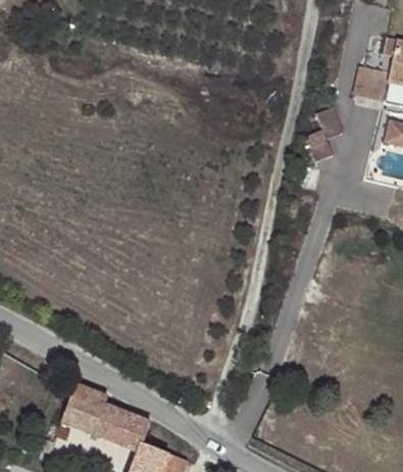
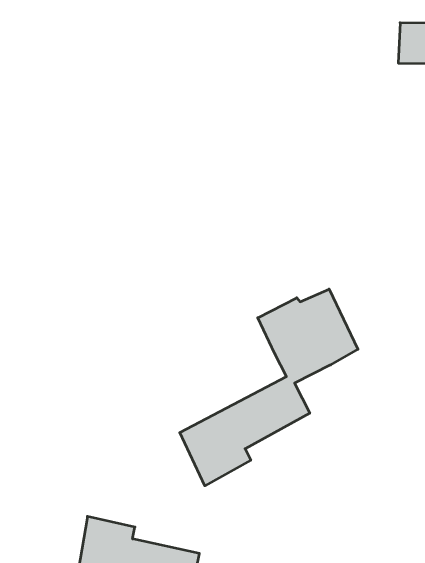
building: none -> [180,289,358,486]

